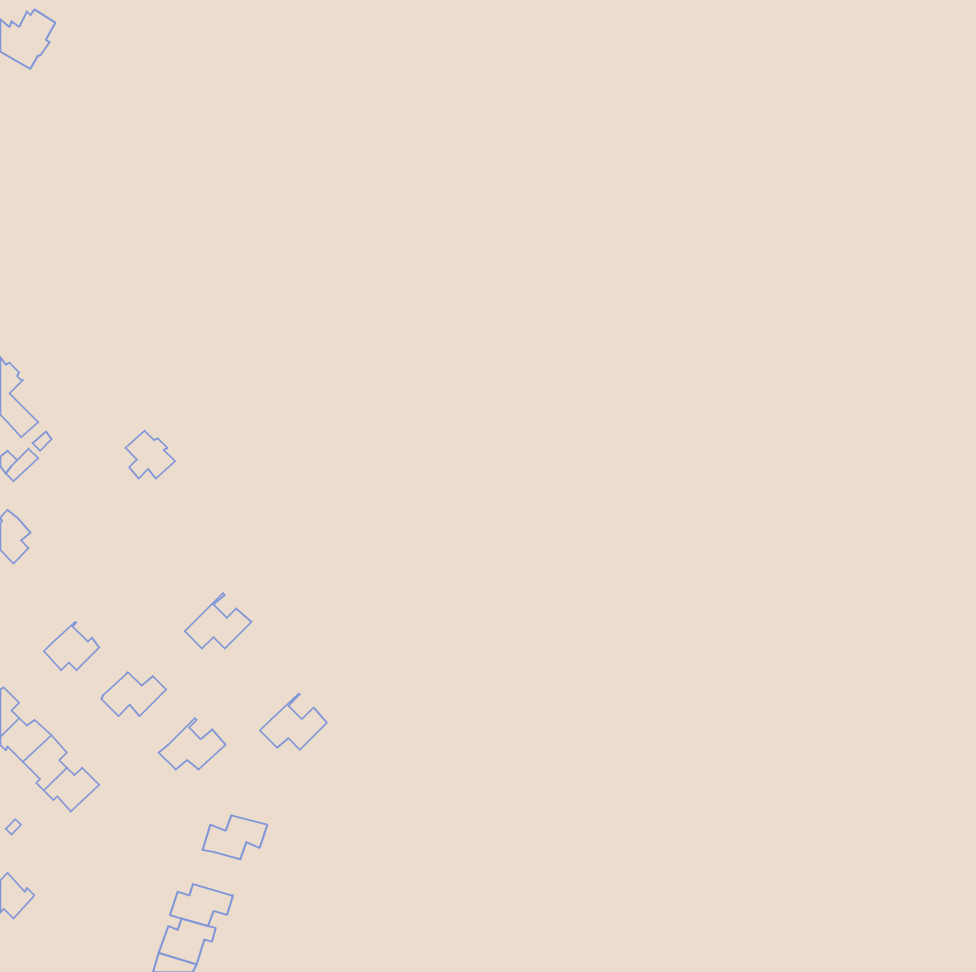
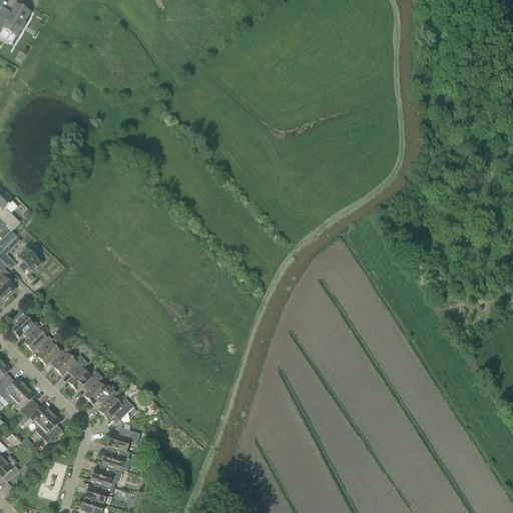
building: [125,431,175,479] -> [16,246,42,272]
building: none -> [10,310,39,338]
building: [185,593,252,649] -> [67,362,102,391]
building: none -> [36,340,66,365]
building: [260,694,327,750] -> [98,391,133,420]
building: none -> [34,412,62,445]
building: none -> [101,447,128,470]

